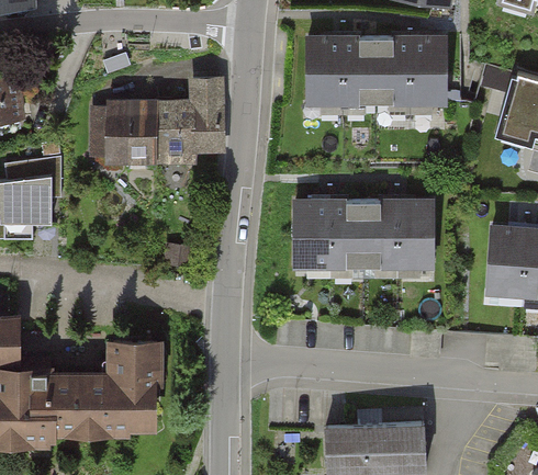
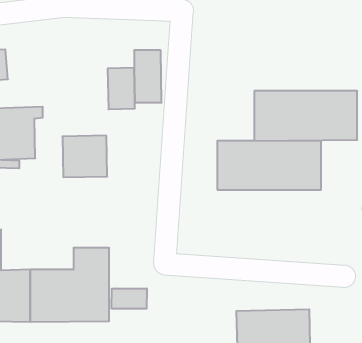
building: [310,36,446,102] -> [254,91,357,141]
building: [93,104,153,159] -> [62,136,107,177]
building: none -> [112,288,147,309]

